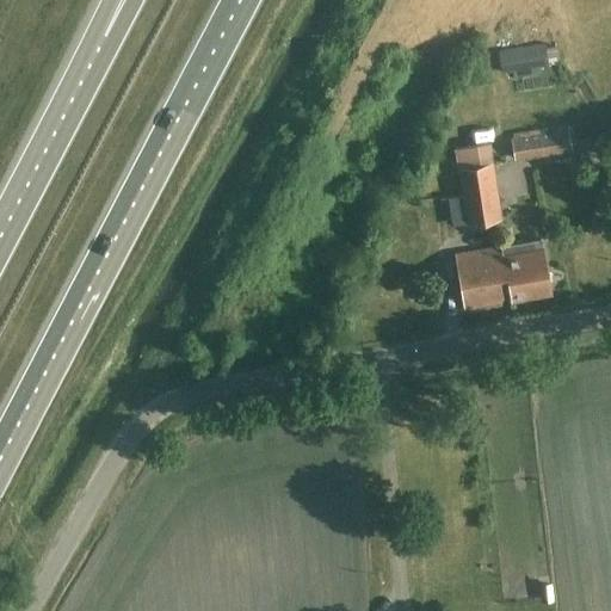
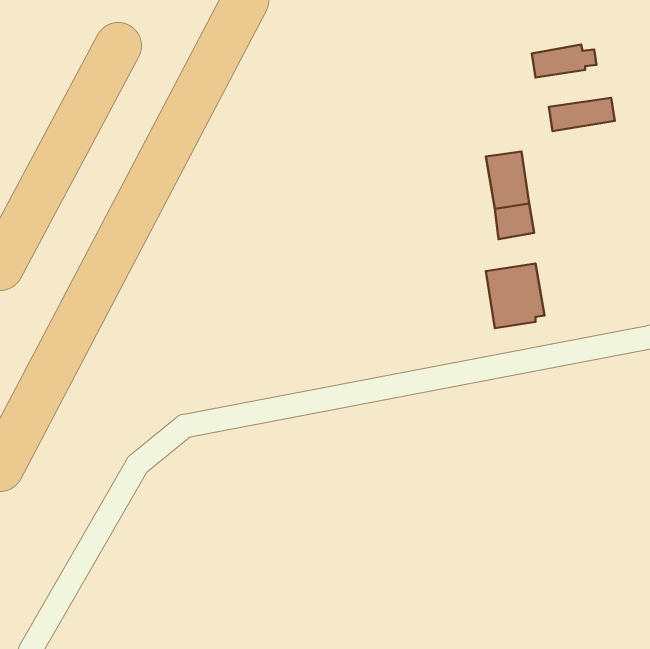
building: [510,130,572,161] -> [549,98,615,131]
building: [504,247,551,301] -> none

